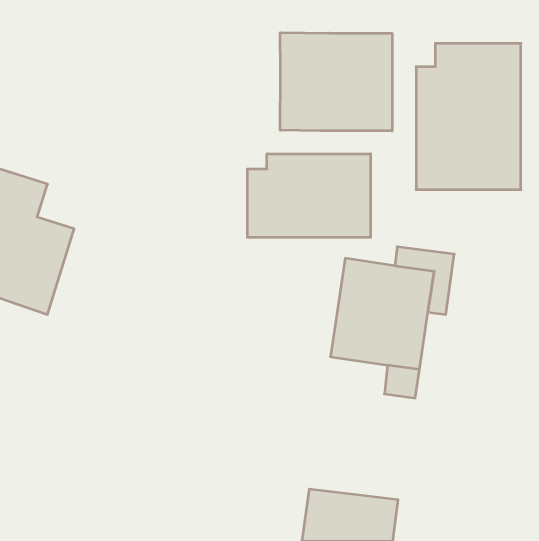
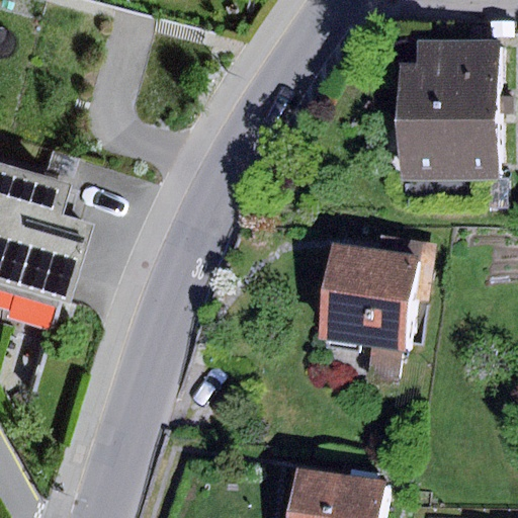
building: [280,33,392,131] -> none
building: [247,154,371,237] -> none

